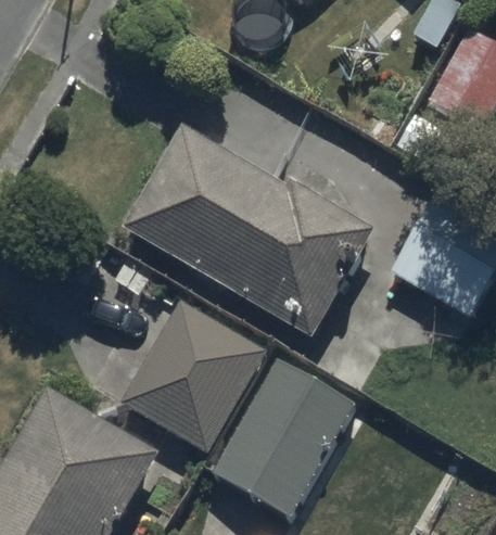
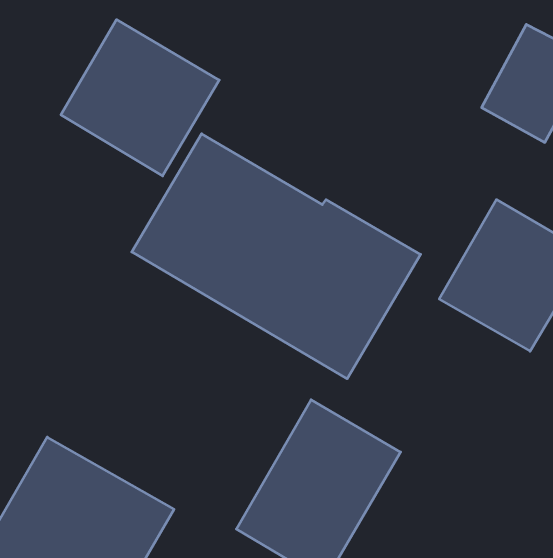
building: none -> [61,20,219,176]
building: [124,302,266,450] -> none

